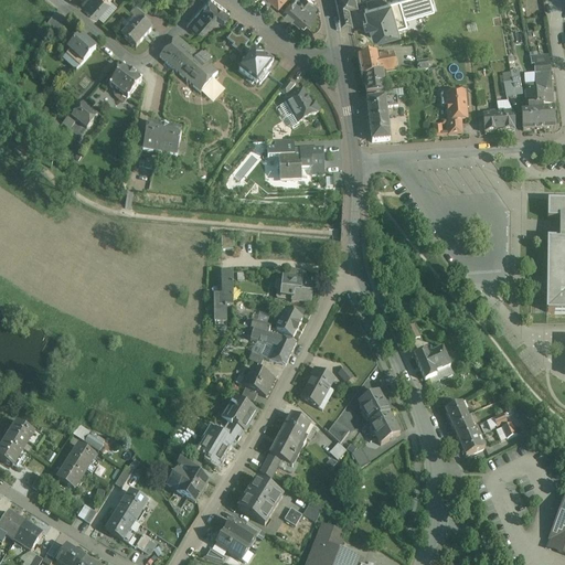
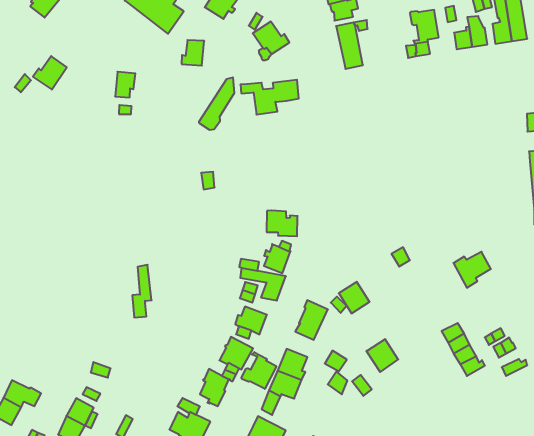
building: [110,65,141,97] -> none
building: [157,127,181,153] -> [182,40,204,66]
building: [214,268,233,319] -> [132,265,152,317]
building: [414,344,450,379] -> [453,252,491,288]
building: [359,390,388,420] -> [339,282,370,313]
building: none -> [241,352,276,389]

